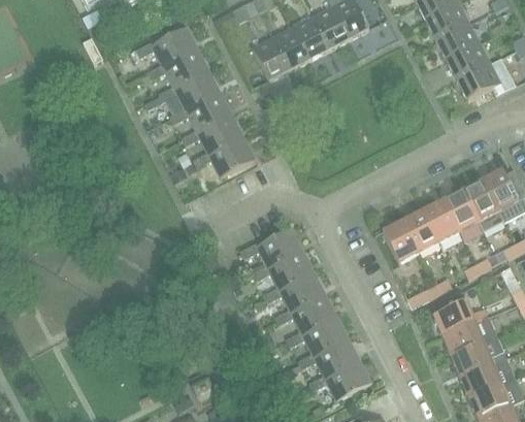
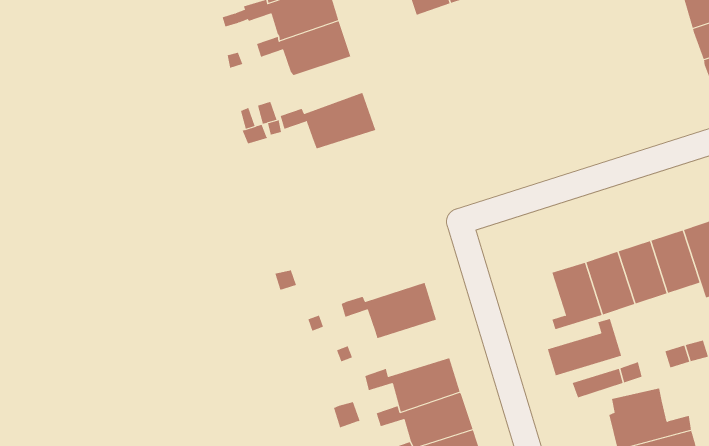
building: [182,113,243,155] -> none
building: [240,227,303,268] -> none
building: none -> [547,318,622,376]
building: [263,272,327,314] -> none

